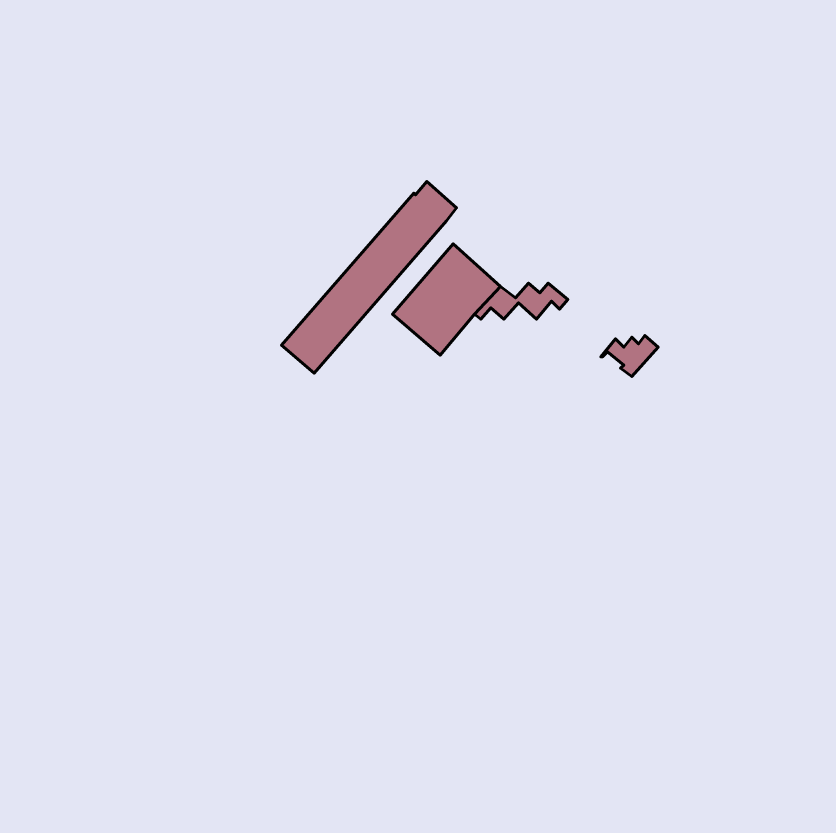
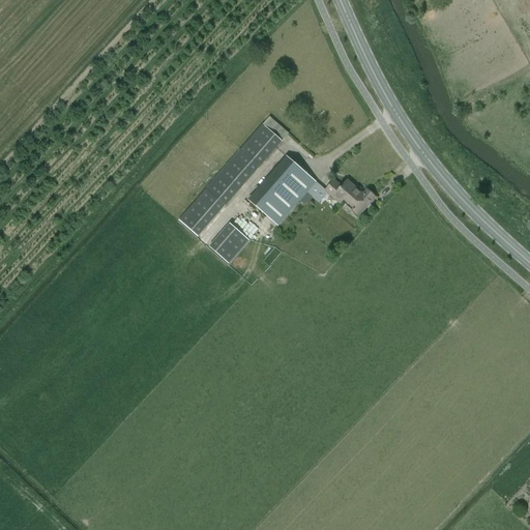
building: [601,336,658,376] -> [340,188,376,214]
building: none -> [211,225,249,263]

